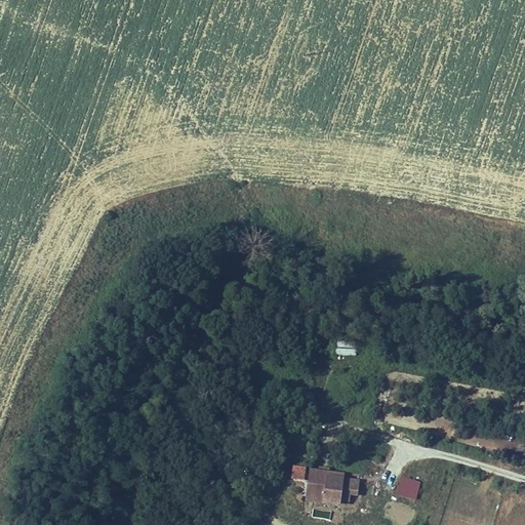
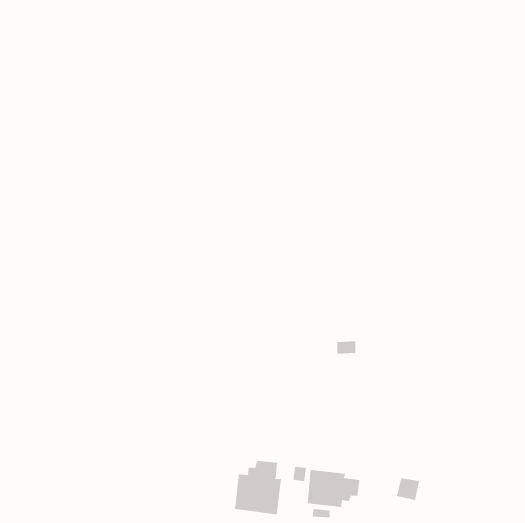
building: none -> [234,460,281,515]

